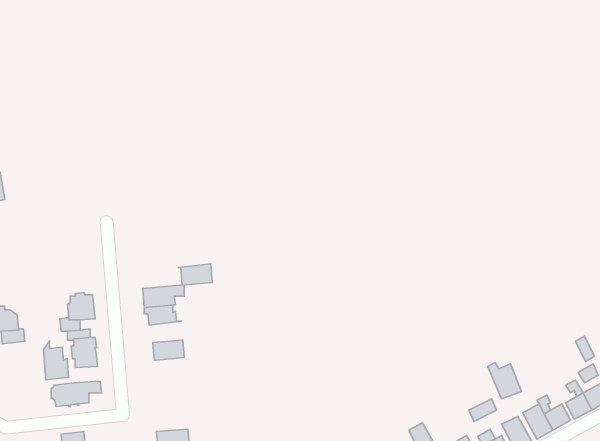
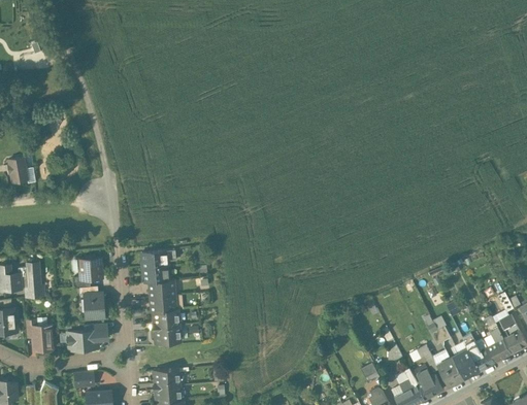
building: [178,264,212,285] -> [146,280,174,298]
building: [43,341,68,380] -> [32,319,53,351]
building: none -> [152,310,180,344]

